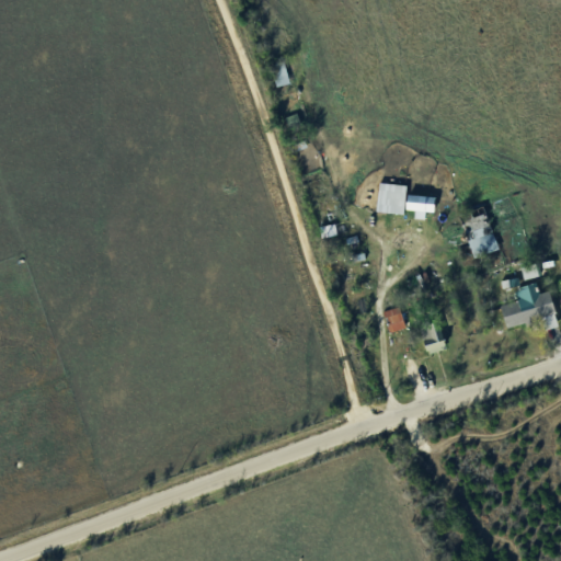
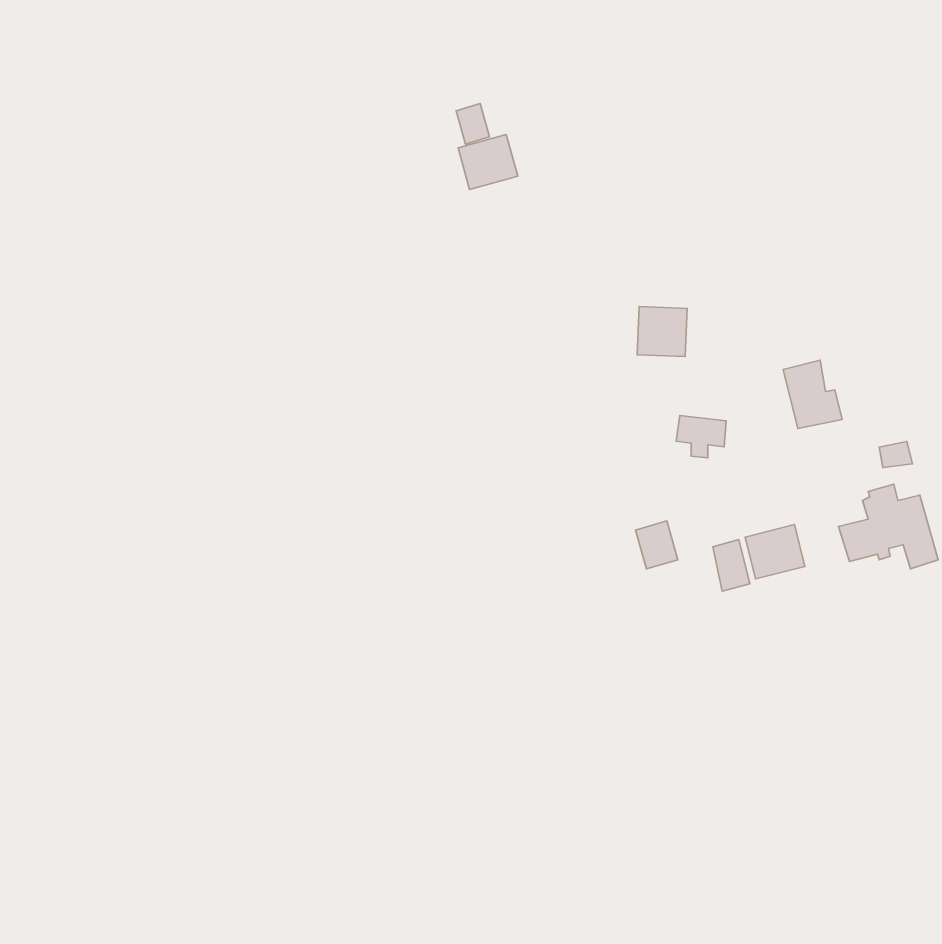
building: none -> [458,134,518,189]
building: [409,192,438,217] -> [676,415,726,458]
building: none -> [745,525,805,579]

